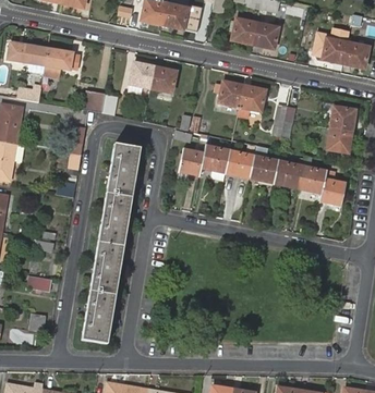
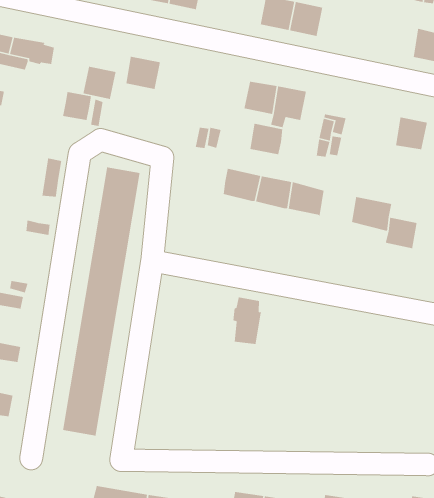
building: [320,39,346,65] -> none
building: [152,69,177,94] -> [83,66,116,100]
building: [325,131,349,155] -> none
building: [178,152,203,176] -> [249,123,283,155]
building: [274,163,300,187] -> none
building: none -> [233,297,262,345]

